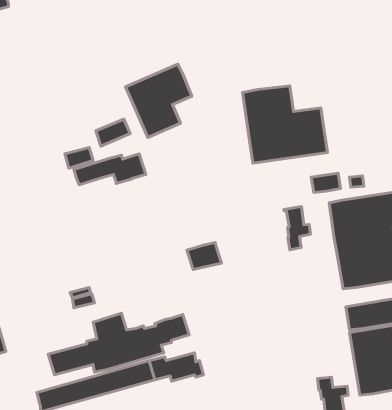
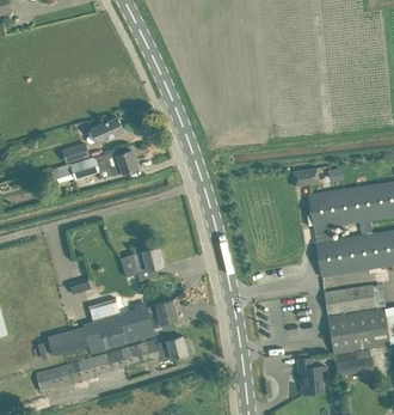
building: [126,64,192,138] -> none
building: [243,86,327,163] -> none
building: [284,207,311,250] -> none
building: [187,243,221,270] -> [131,246,164,271]

